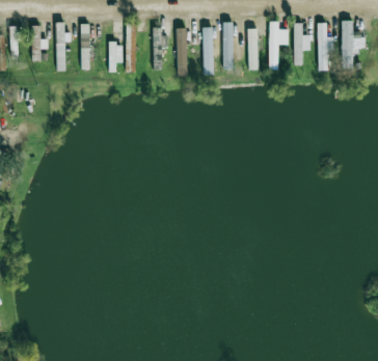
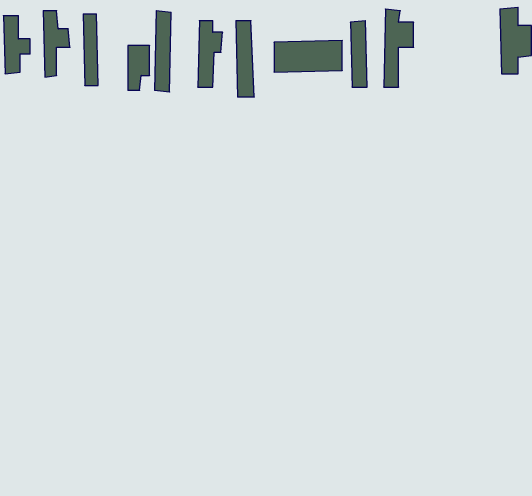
building: [294,23,310,64] -> none
building: [318,23,333,71] -> none

